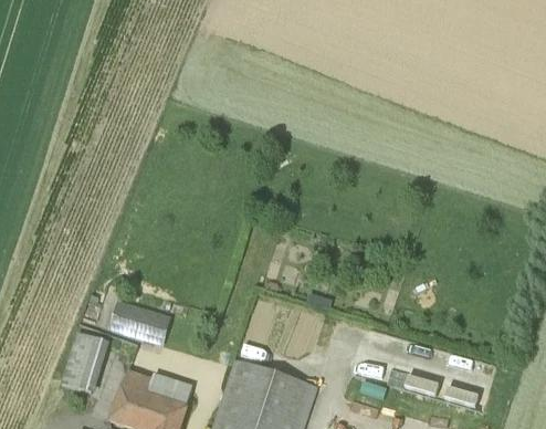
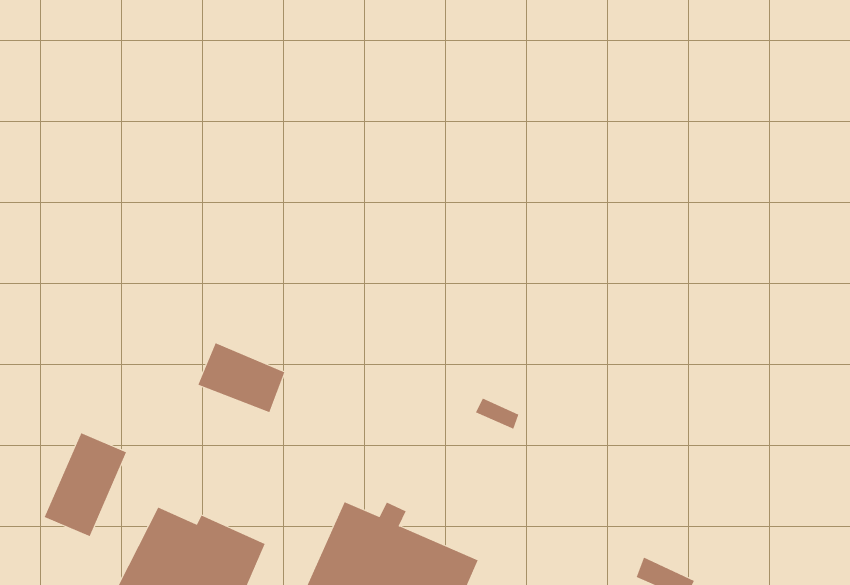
building: [112,304,161,342] -> [198,342,285,413]

